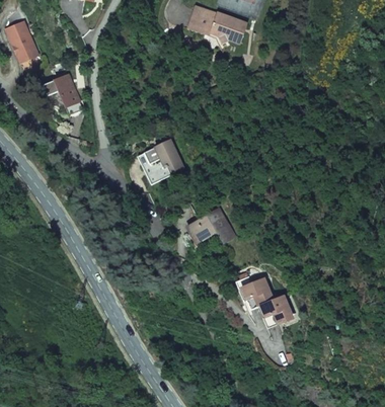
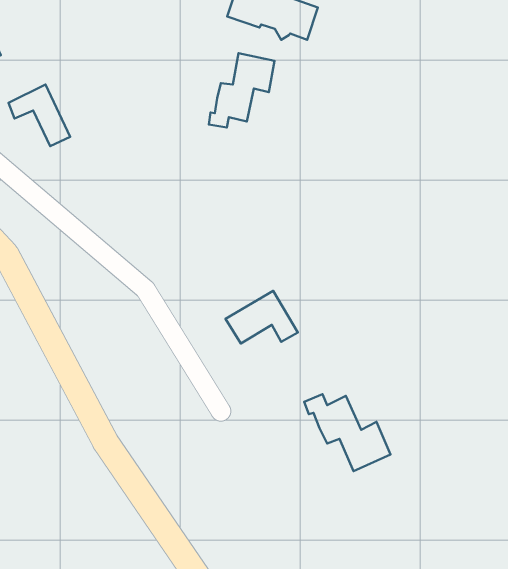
building: none -> [209,53,275,128]
building: [138,141,185,185] -> none

